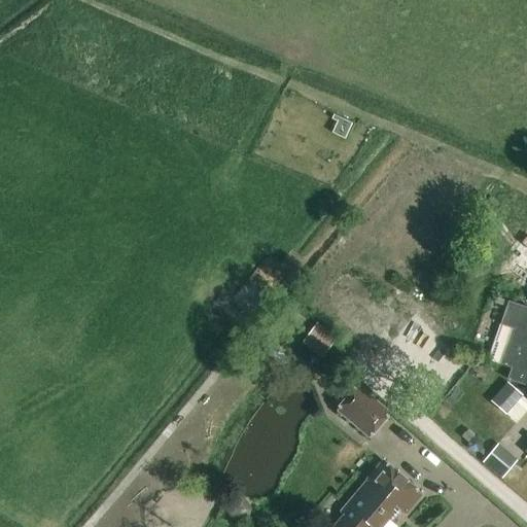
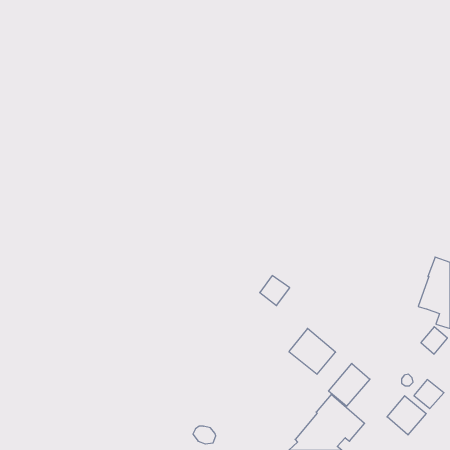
building: none -> [329,363,370,406]
building: none -> [387,396,426,435]

